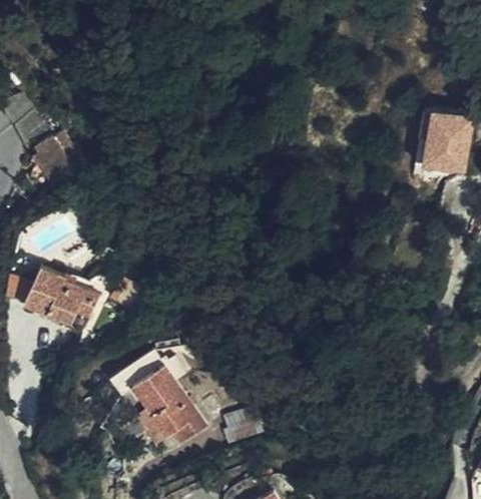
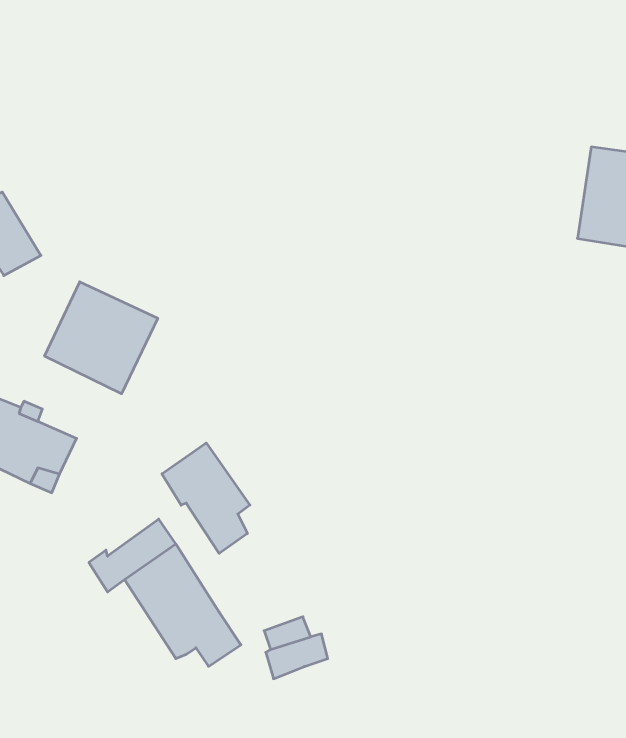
building: none -> [45,282,158,394]
building: none -> [162,443,250,553]

